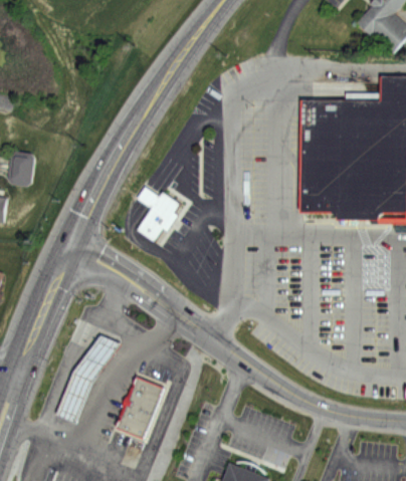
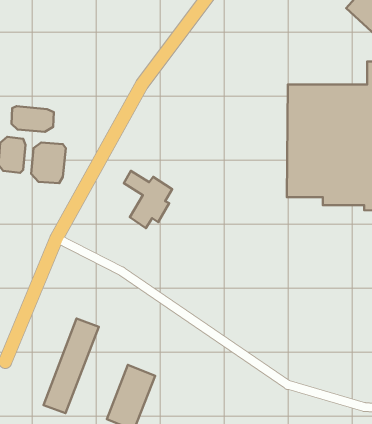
building: none -> [11,106,54,132]
building: none -> [31,143,66,183]

